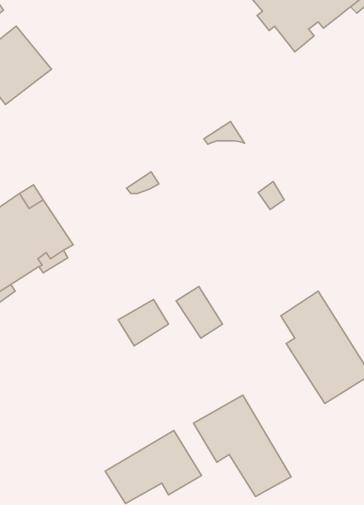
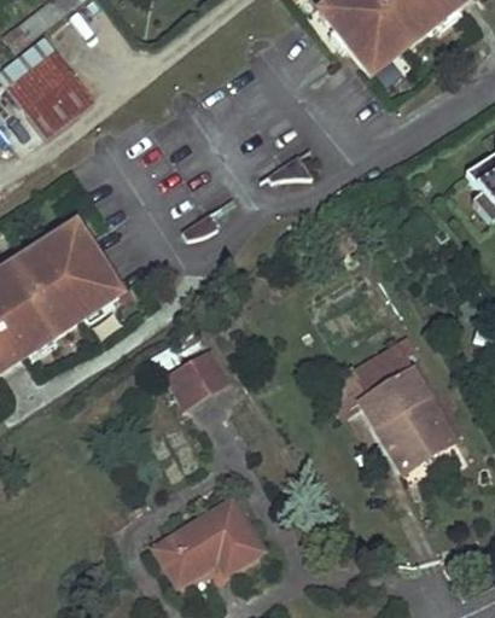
building: [176,286,222,338] -> none
building: [193,395,291,496] -> none

